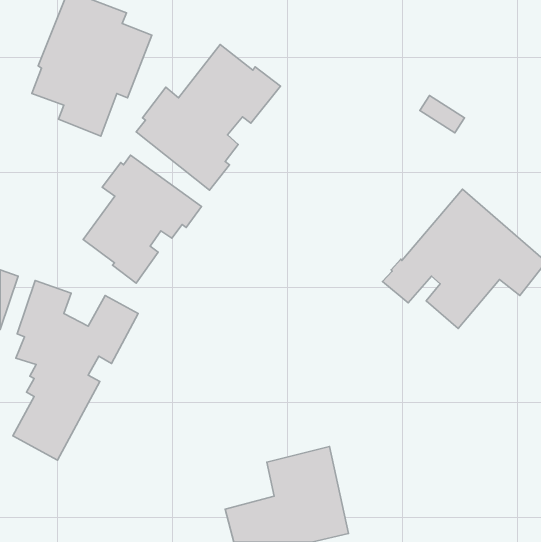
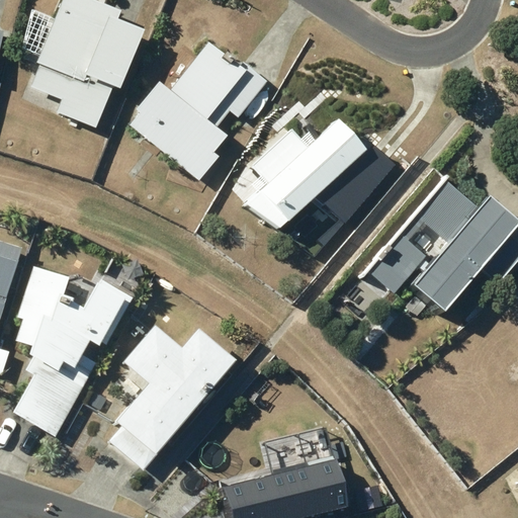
building: none -> [234,111,380,219]
building: [83,155,201,283] -> none
building: none -> [103,319,230,465]

